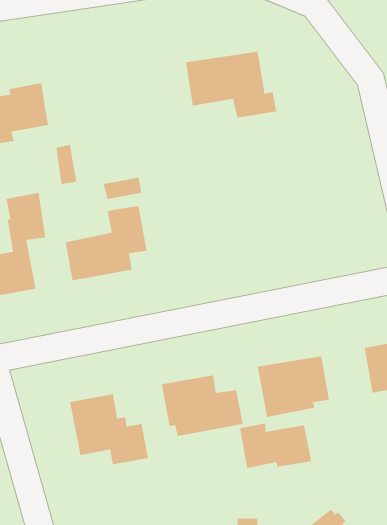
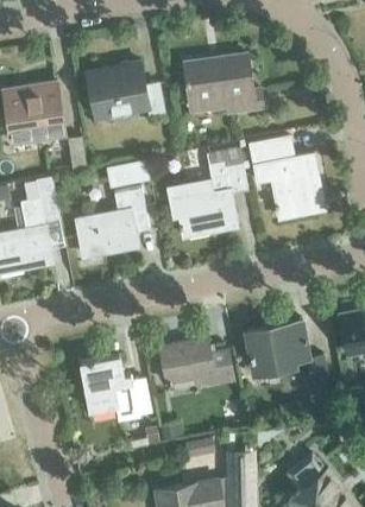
building: none -> [84,62,162,118]
building: none -> [252,142,322,218]
building: none -> [168,147,247,236]
building: [239,423,312,469] -> none

